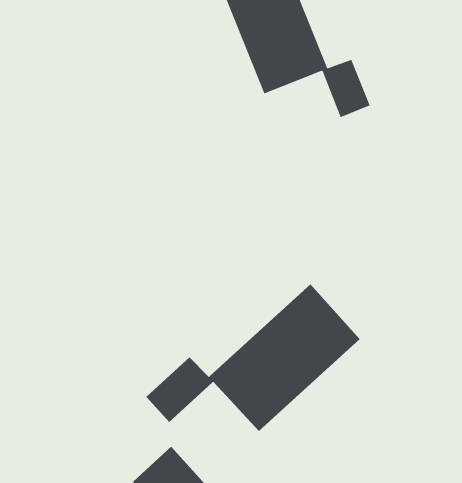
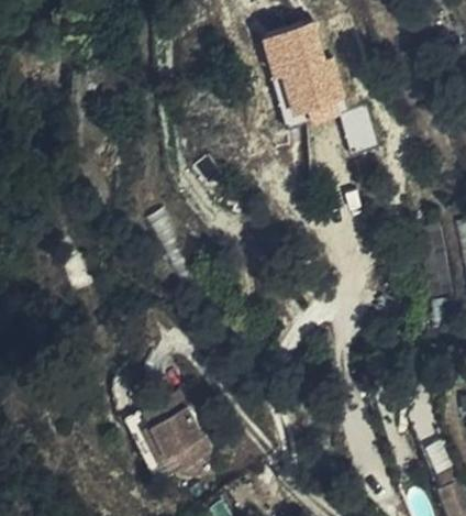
building: [145,284,360,432] -> none

